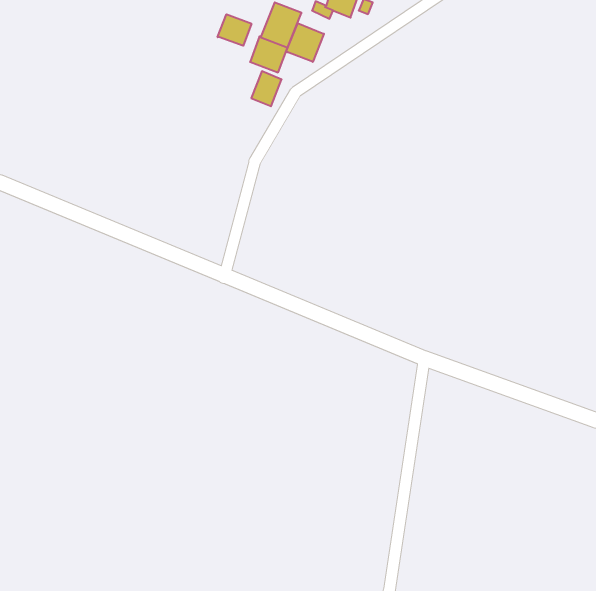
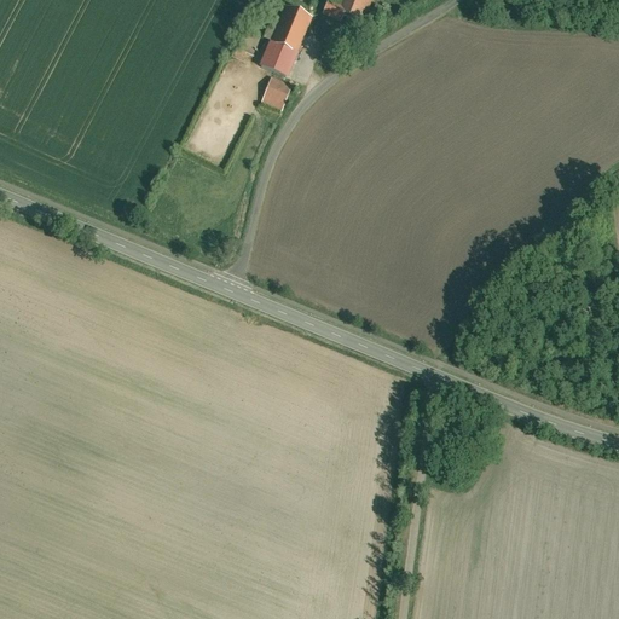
building: [218,14,251,46] -> none
building: [286,23,324,62] -> none

